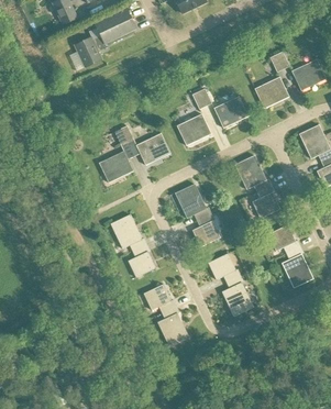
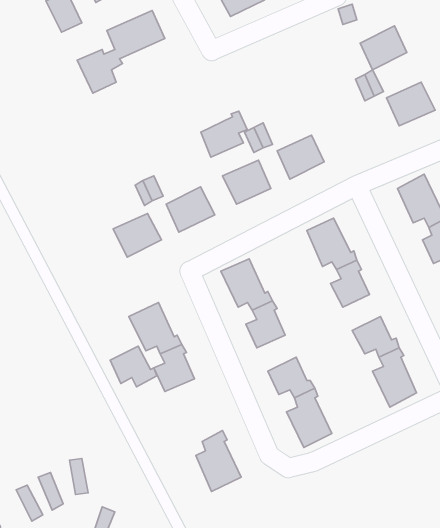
building: [255,77,288,108] -> [360,26,407,70]
building: none -> [201,111,247,157]
building: [143,284,176,312] -> [110,346,157,387]

